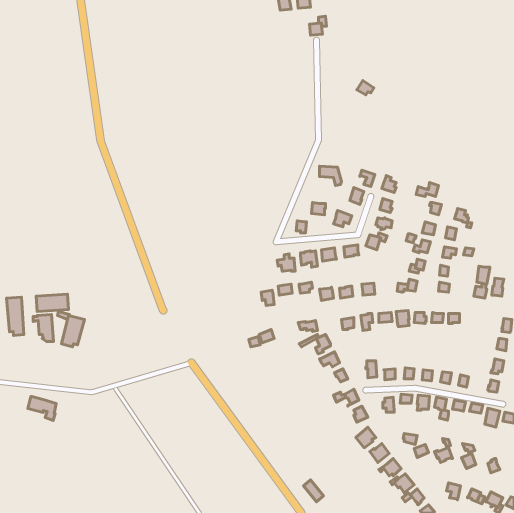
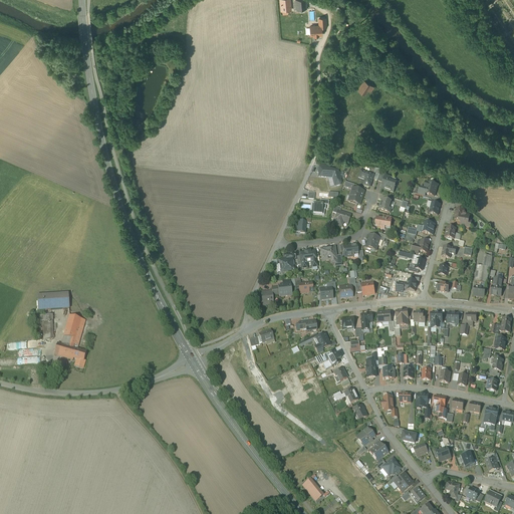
building: [7,297,24,336] -> none
building: [28,396,56,421] -> [57,342,85,366]

